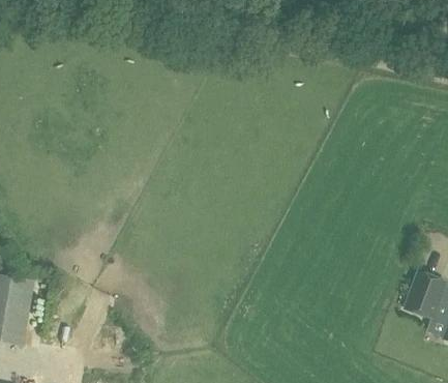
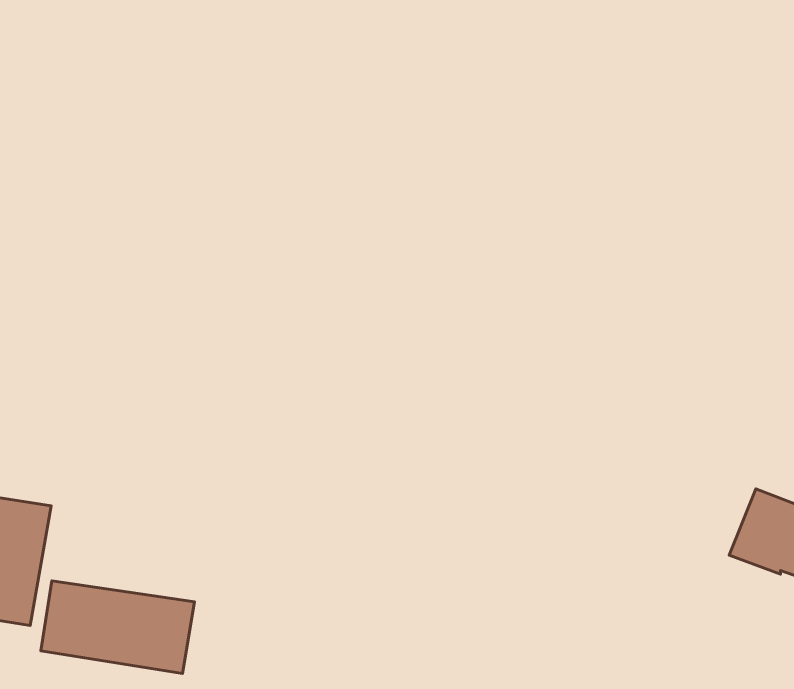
building: none -> [41,581,194,673]

